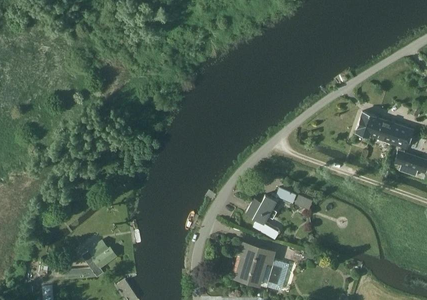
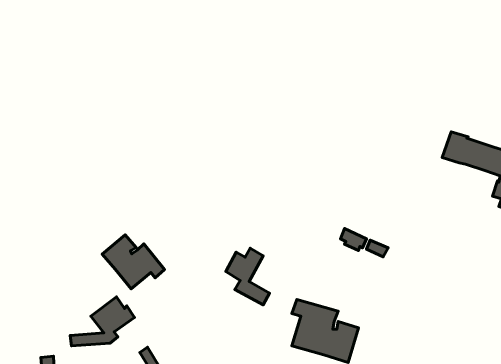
building: none -> [102,235,164,289]
building: [246,195,280,239] -> [226,248,270,305]

